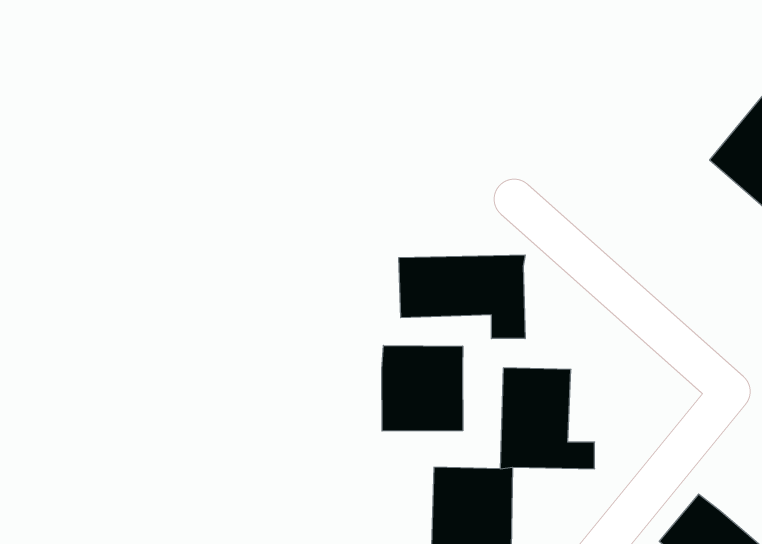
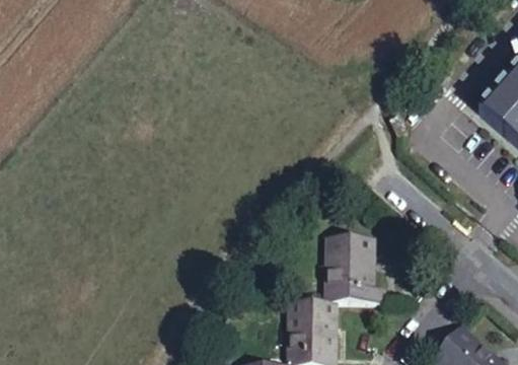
building: [399,255,525,339] -> none
building: [382,345,463,431] -> none

